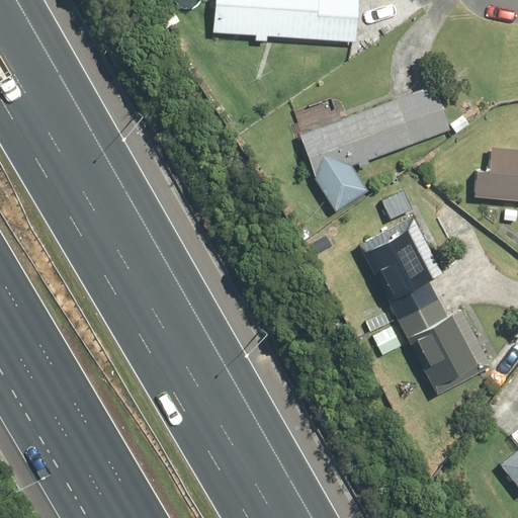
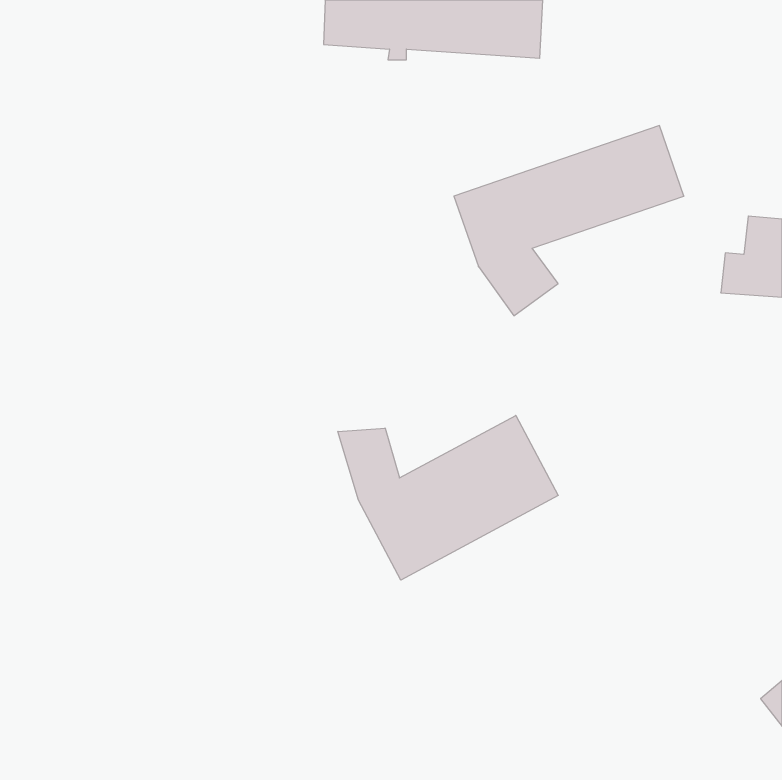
building: [360,215,494,392] -> none
building: none -> [338,415,558,580]

